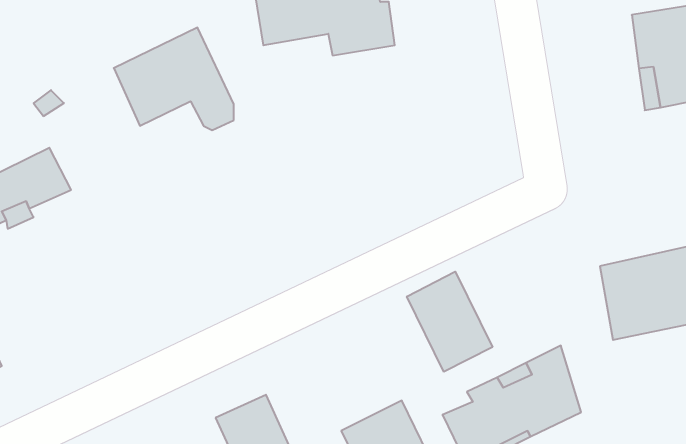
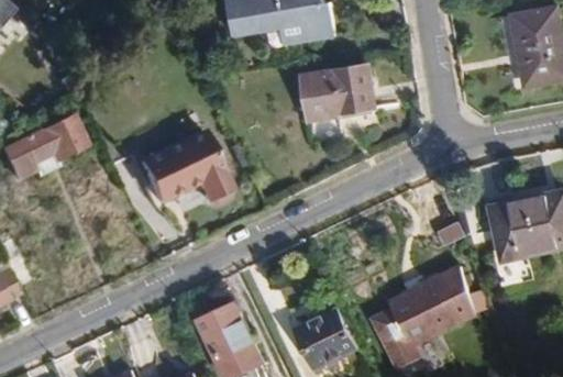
building: [114,28,234,130] -> [137,129,229,207]
building: none -> [300,65,375,121]
building: [407,272,492,372] -> none

